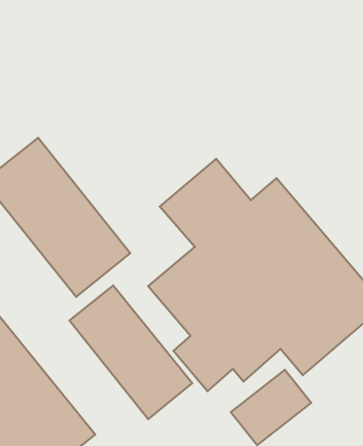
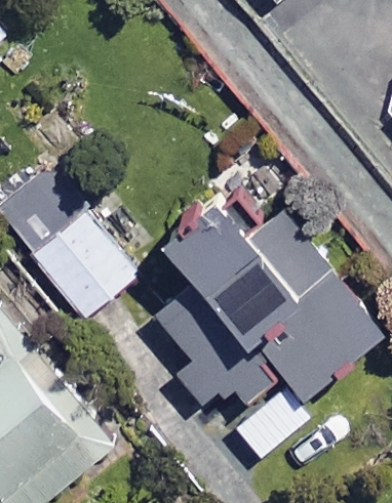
building: [70,286,192,419] -> none

